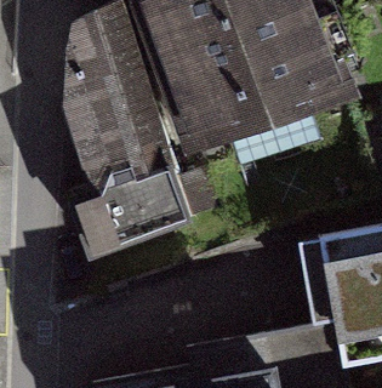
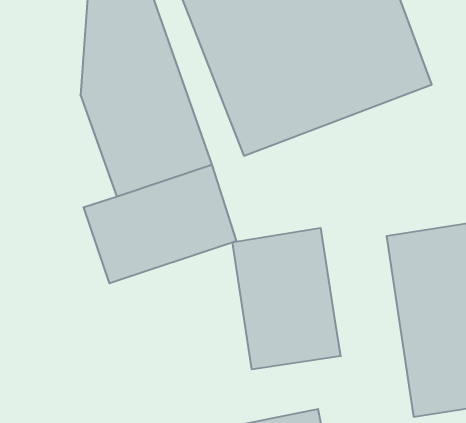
building: none -> [233,228,341,369]

